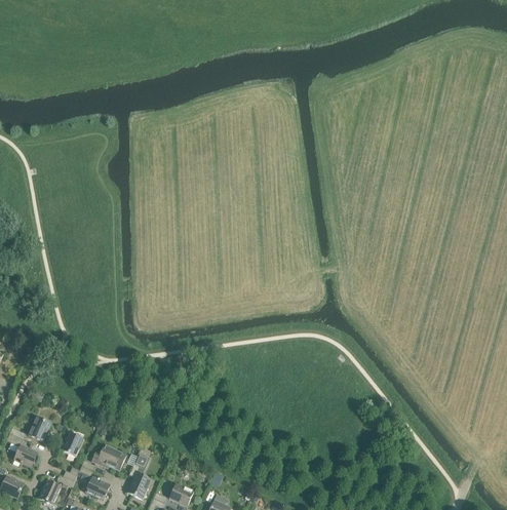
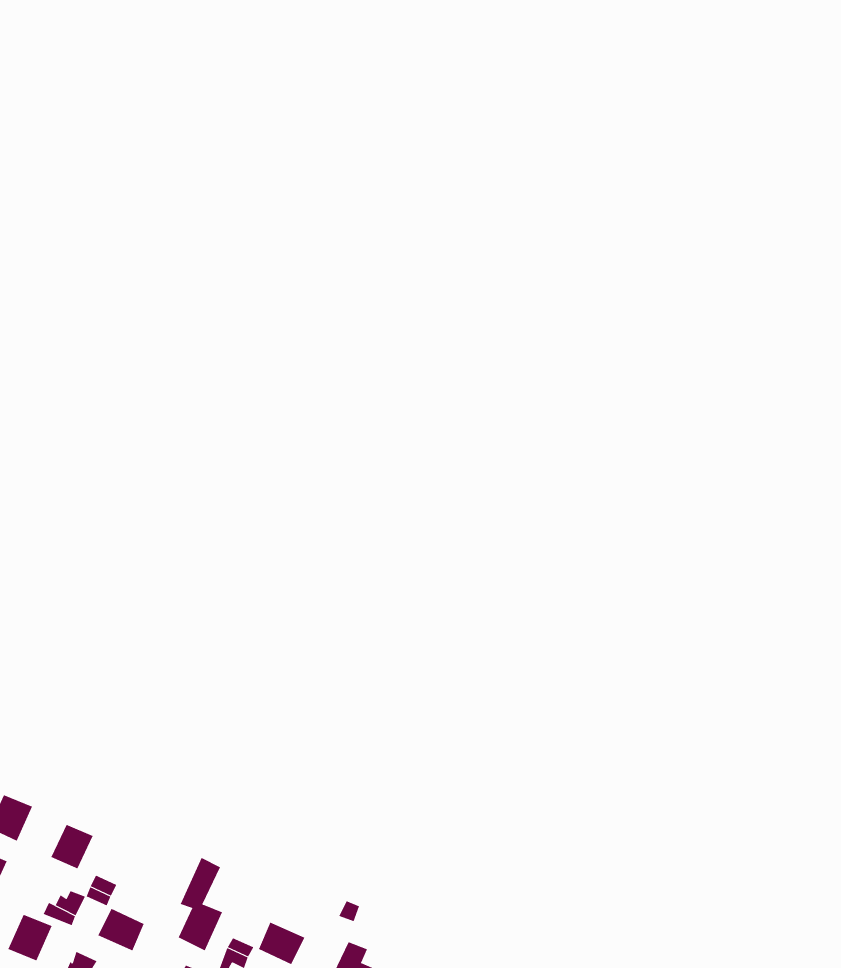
building: [90,445,122,469] -> none

